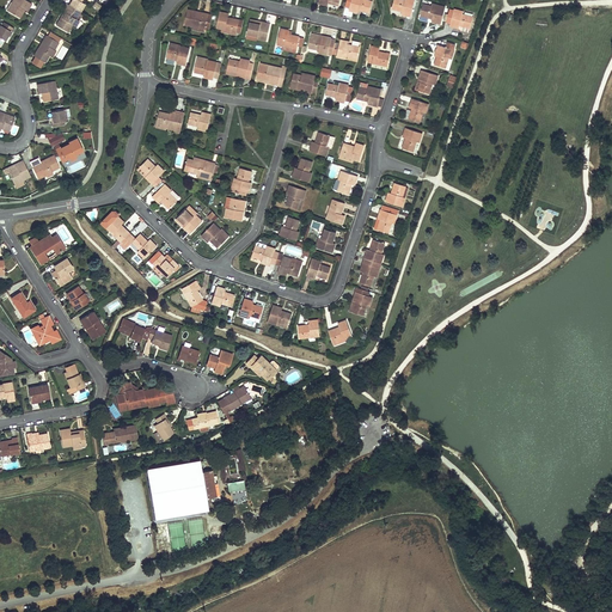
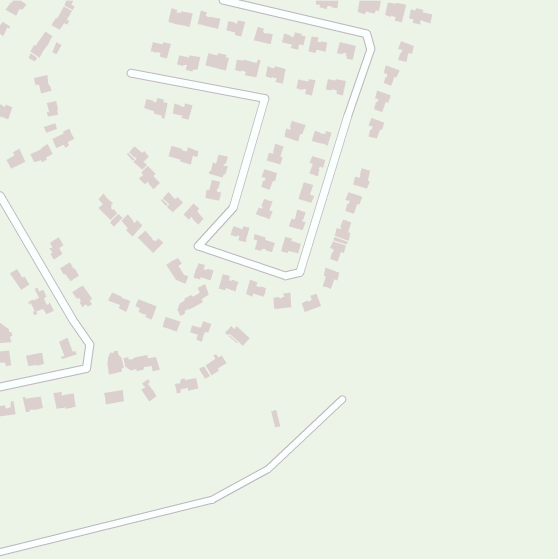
building: [29,233,65,263] -> none
building: none -> [176,283,210,317]
building: [146,459,215,522] -> none

